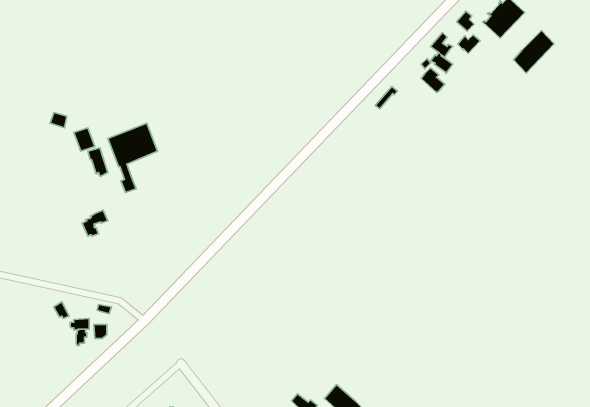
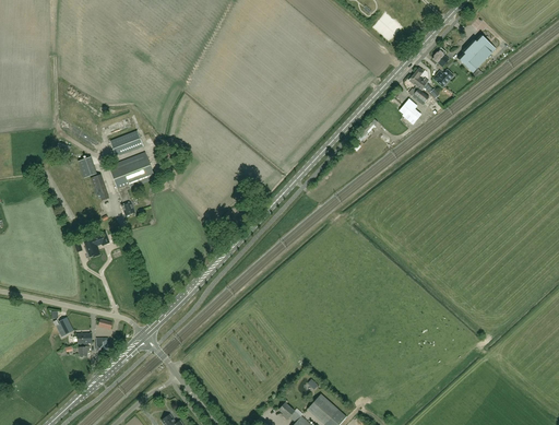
building: [513,31,554,73] -> none
building: none -> [109,131,142,155]

